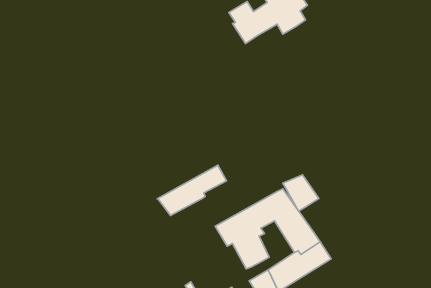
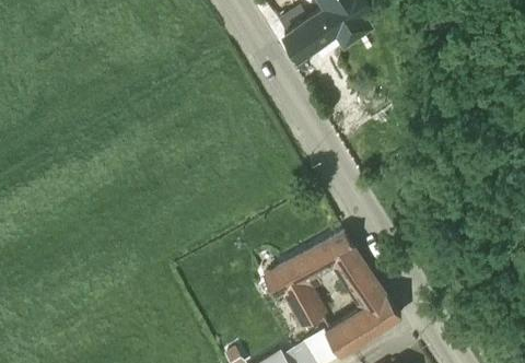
building: [157,165,226,215] -> none
building: [283,175,319,211] -> none

